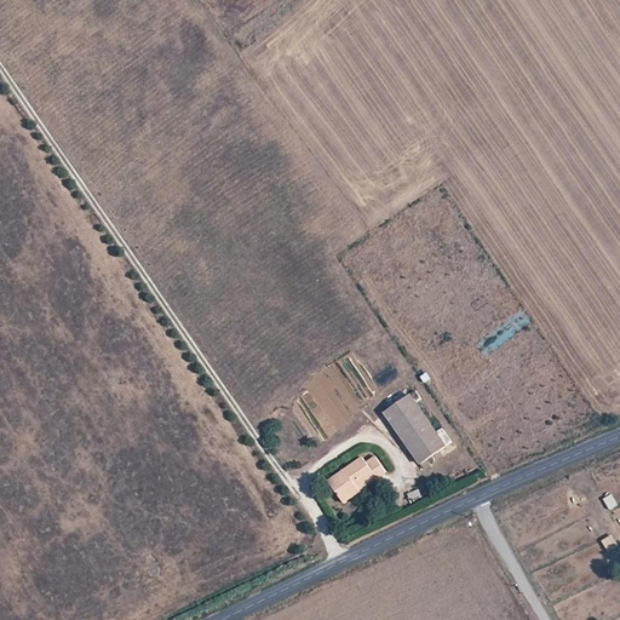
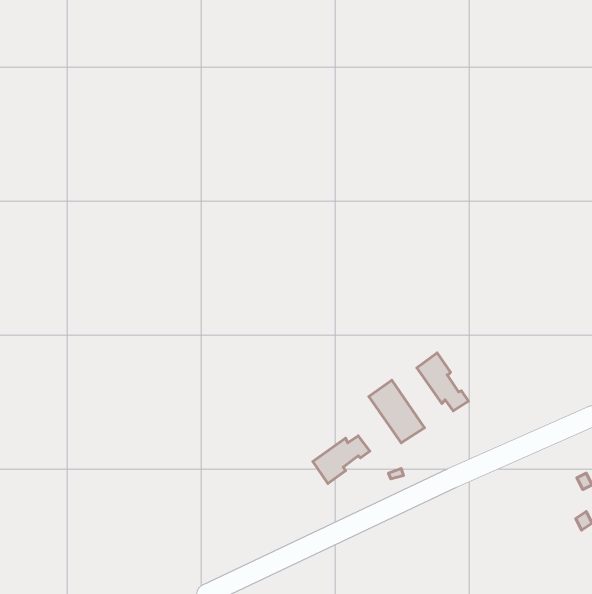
building: none -> [417,353,468,411]

